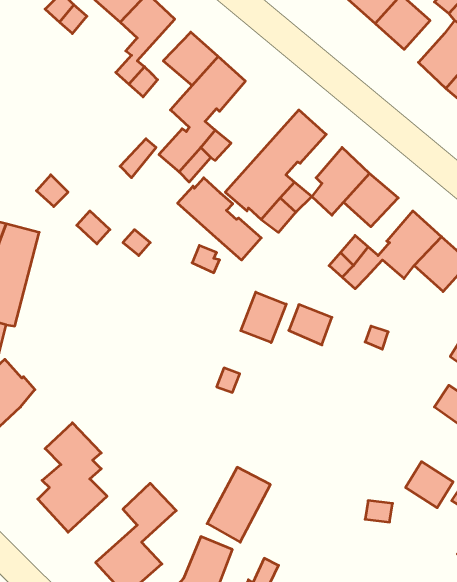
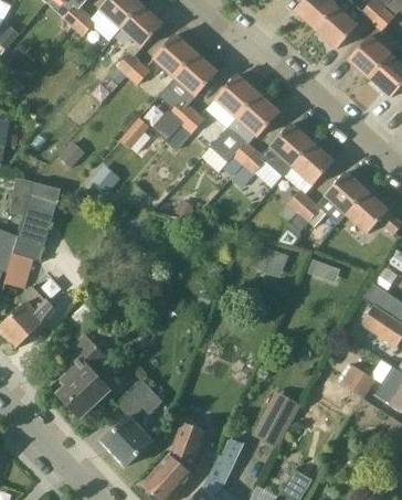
building: none -> [215,74,257,116]
building: [178,178,261,260] -> none
building: [241,292,286,343] -> none
building: [207,467,270,542] -> [252,390,300,447]

